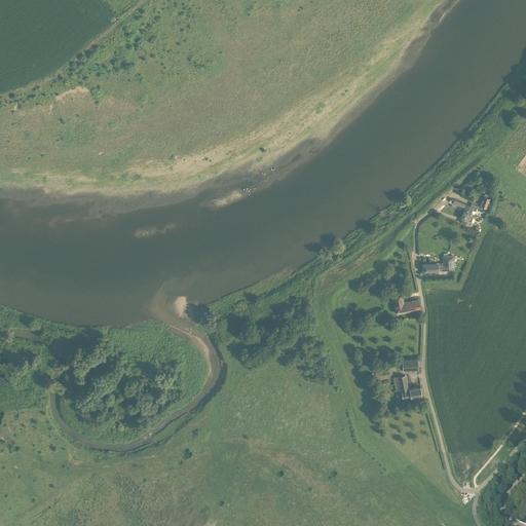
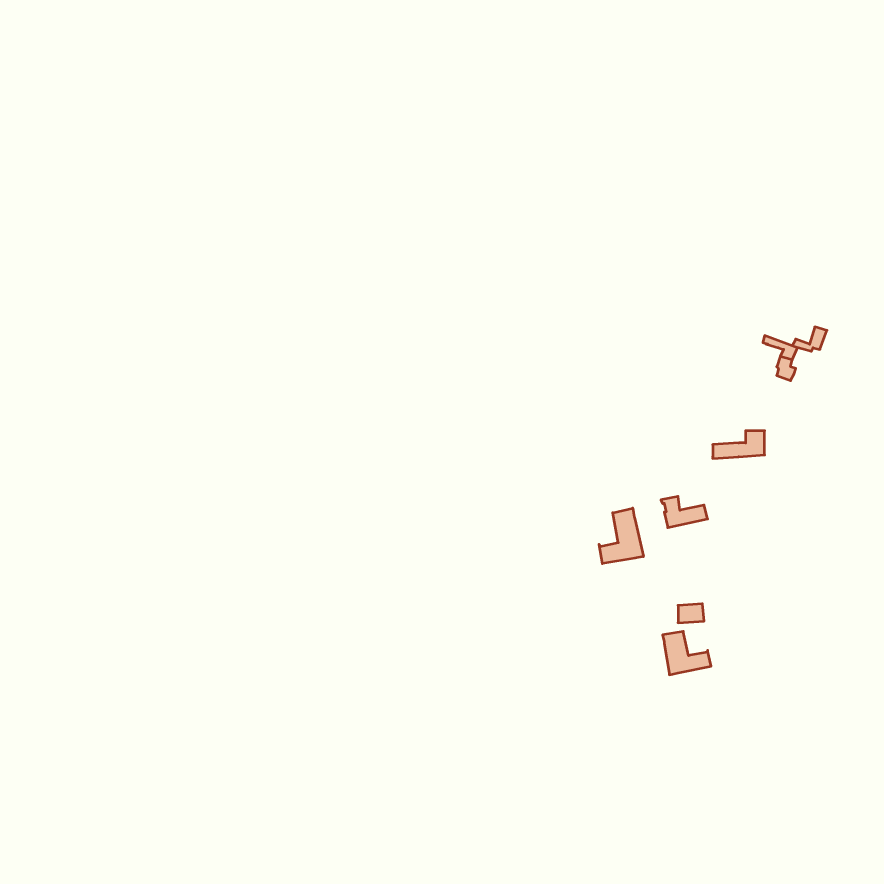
building: none -> [599,508,643,564]

